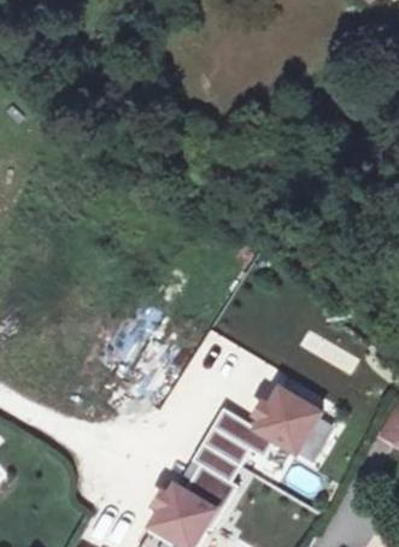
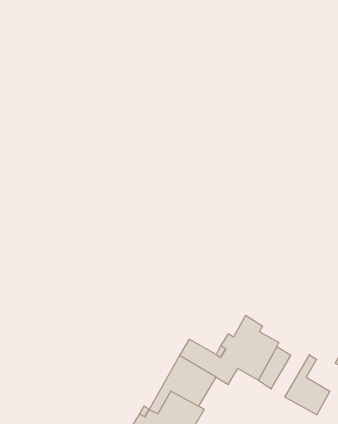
building: none -> [285,355,330,415]

